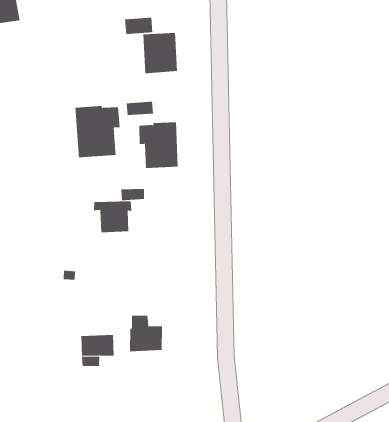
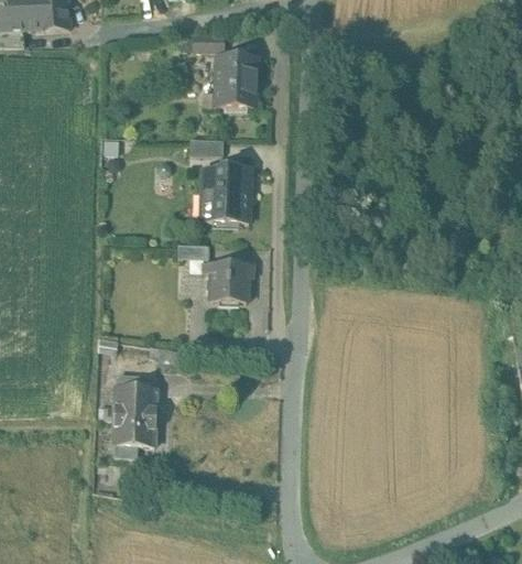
building: [75,105,120,158] -> none
building: [93,201,132,233] -> [205,260,252,300]
building: [129,315,163,352] -> [113,373,156,419]

